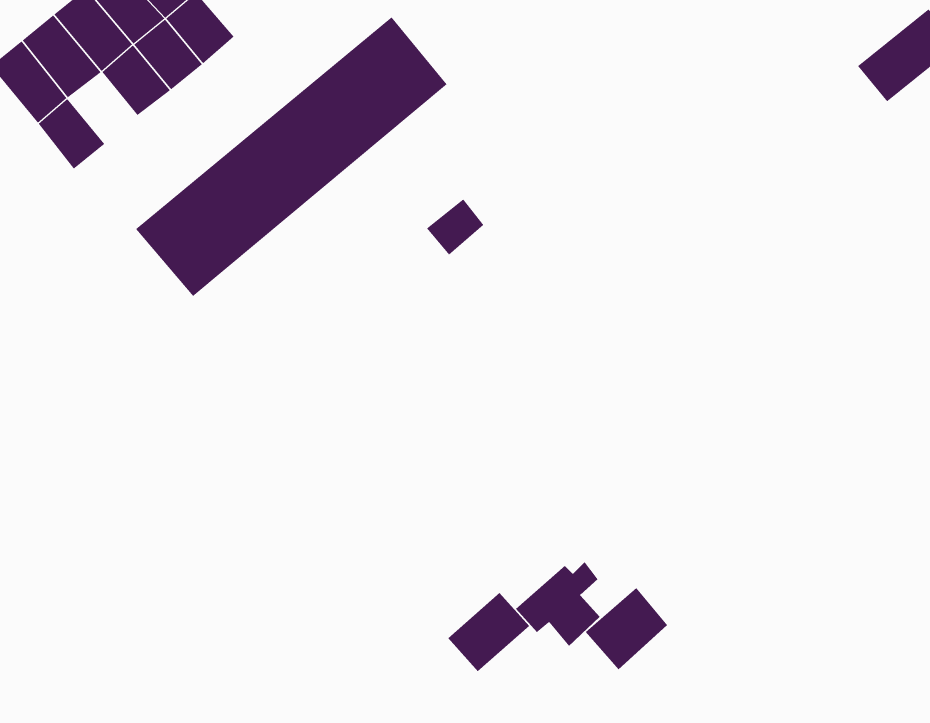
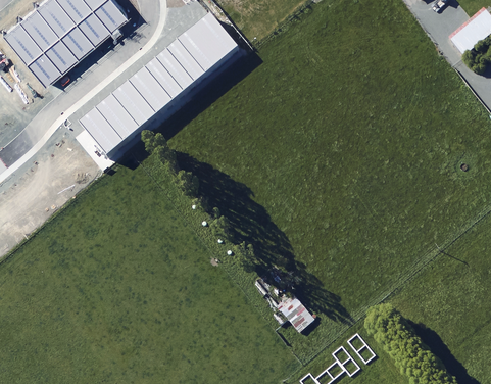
building: none -> [43,39,79,76]
building: [426,198,484,256] -> none
building: [585,587,668,670] -> none
building: [447,592,530,672] -> none

